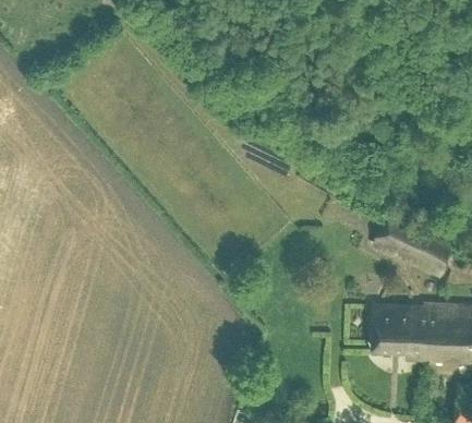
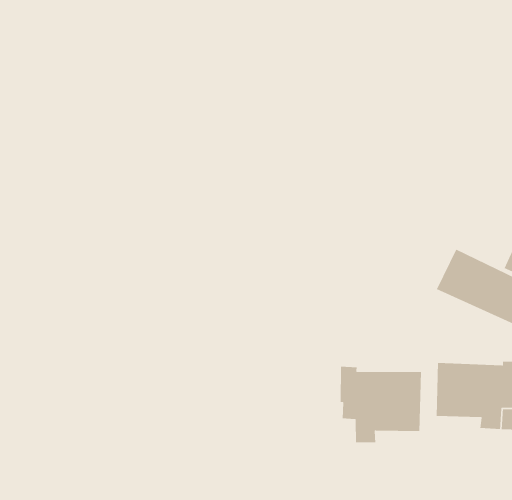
building: none -> [340,366,422,443]

